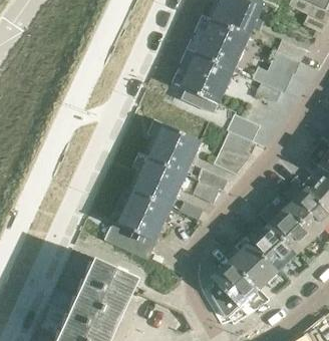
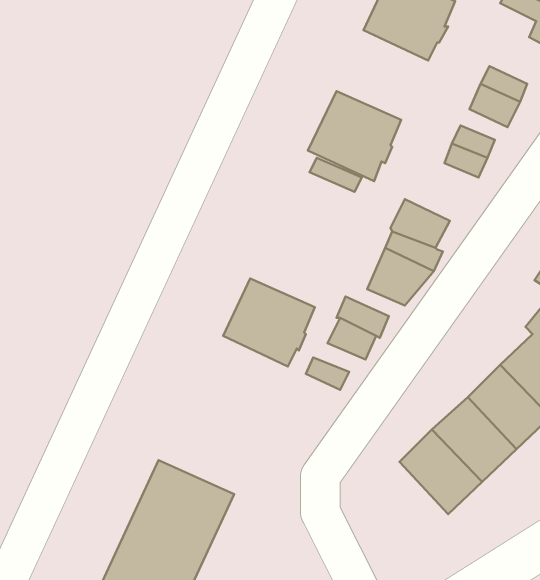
building: [195,18,246,68] -> none
building: [146,122,199,173] -> none
building: [102,189,168,258] -> none
building: [197,259,257,316] -> none

